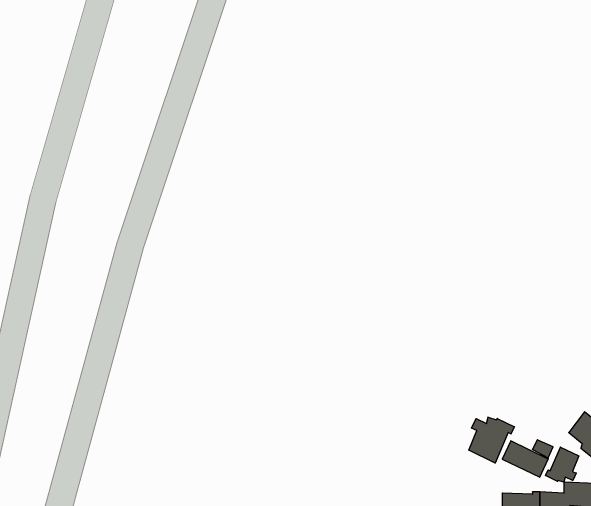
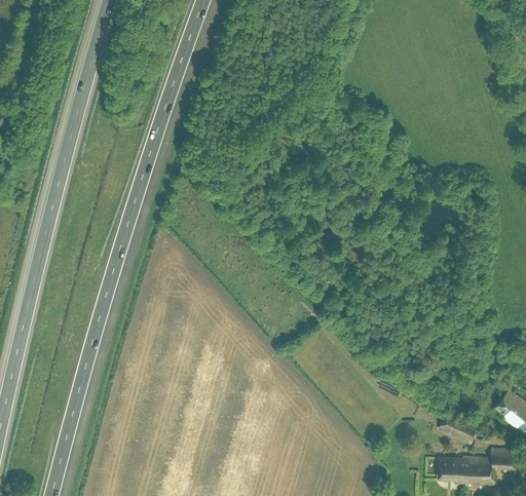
building: [469,417,514,463] -> none
building: [546,447,579,482] -> none

